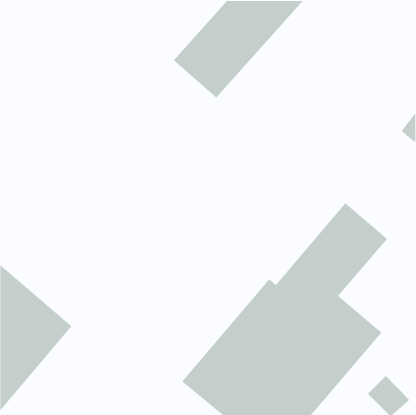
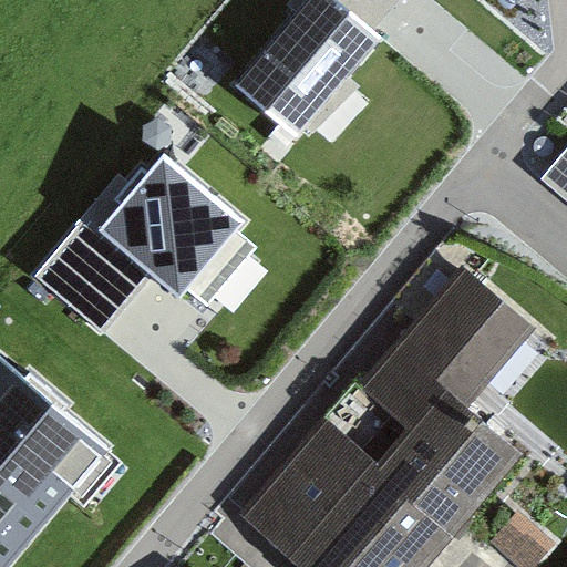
building: none -> [99,155,243,297]
building: none -> [38,230,146,336]

